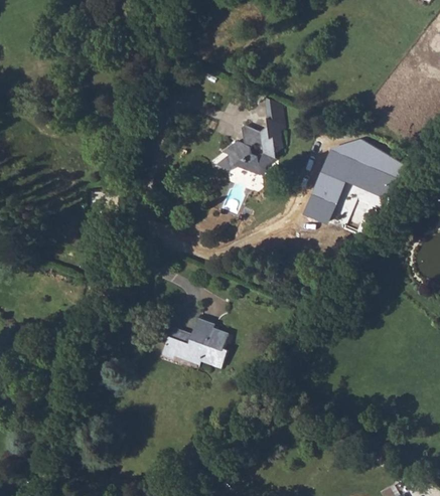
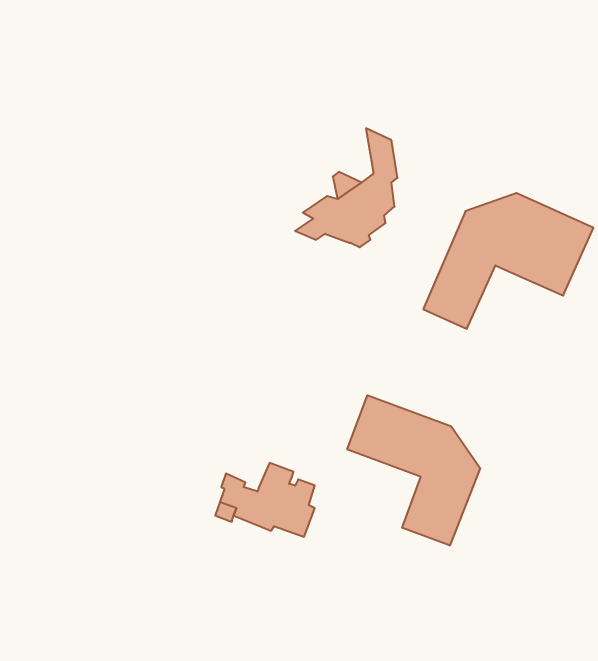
building: none -> [347,395,480,546]

